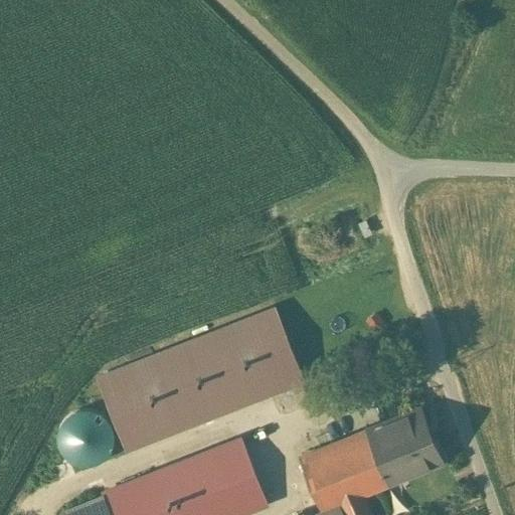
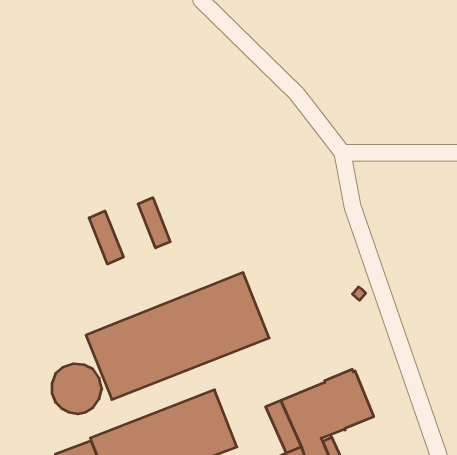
building: none -> [138,198,170,248]
building: none -> [89,211,123,264]
building: [396,408,443,471] -> none

